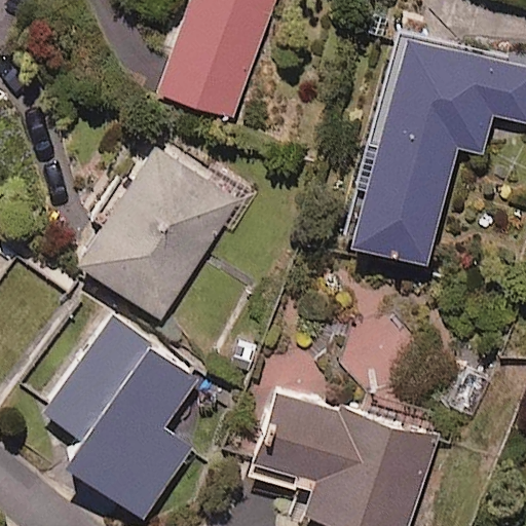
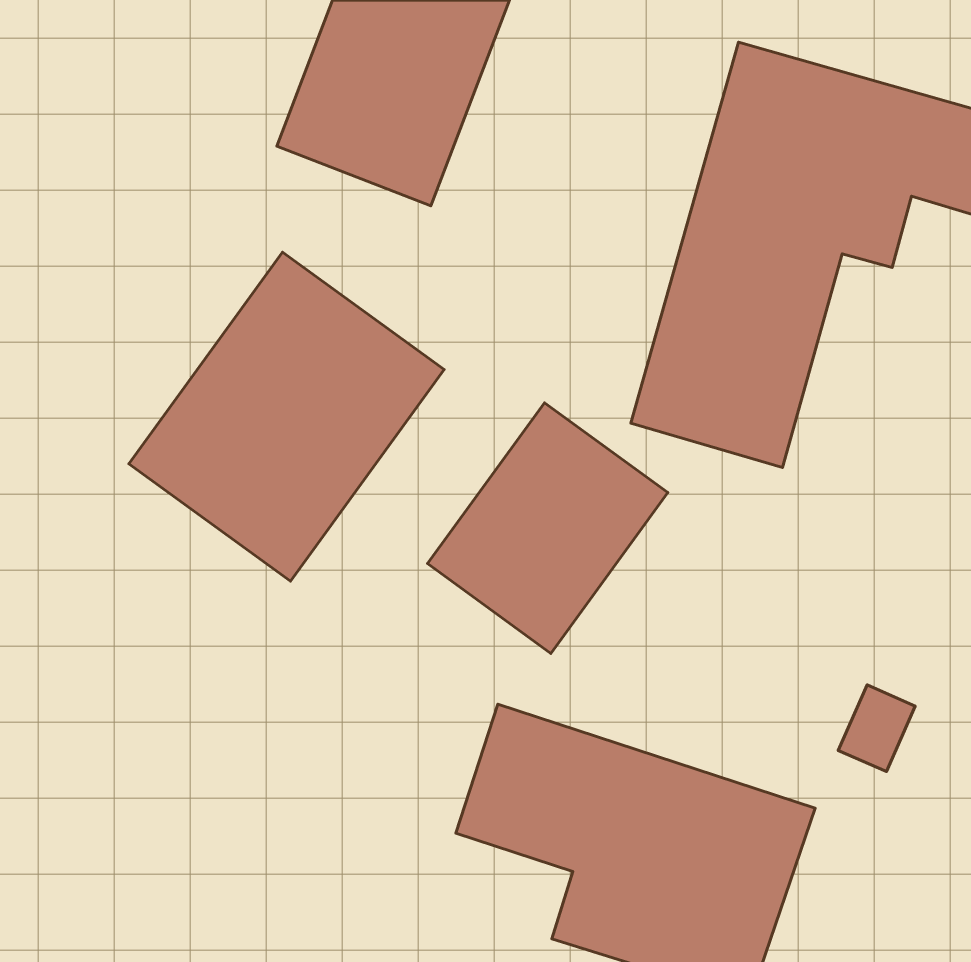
building: none -> [428,403,668,654]
building: [43,316,197,520] -> none

